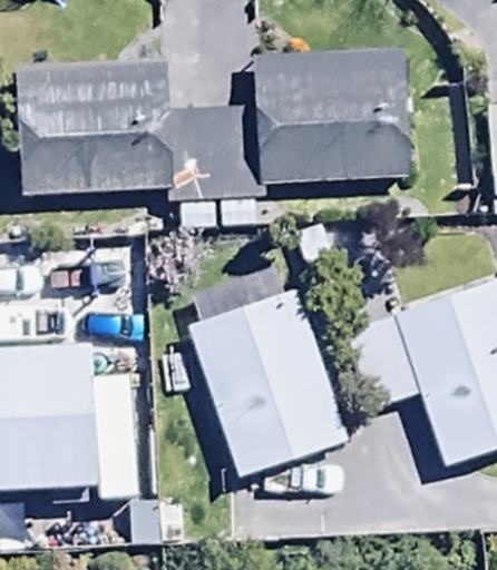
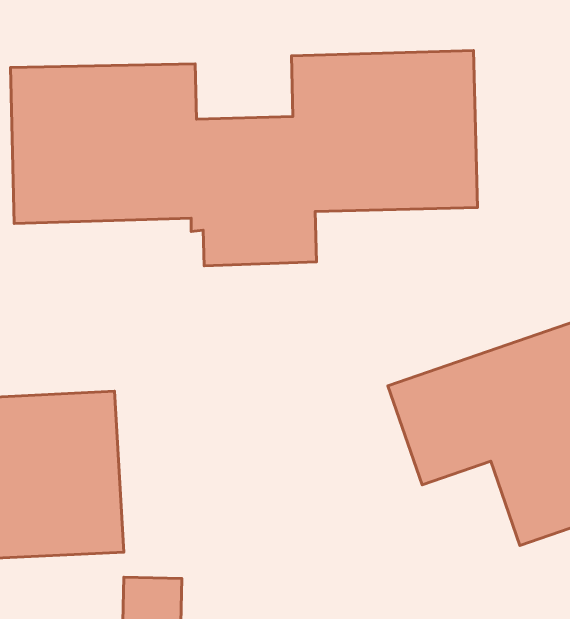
building: [185,284,352,479] -> none

